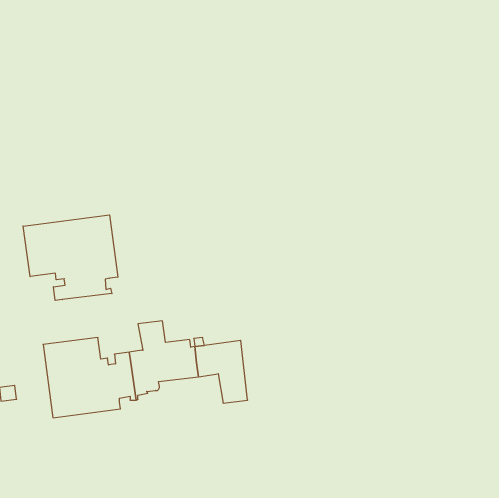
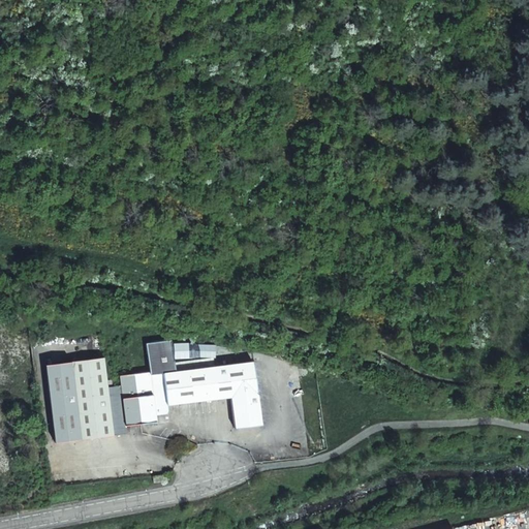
building: [23,215,118,300] -> none

